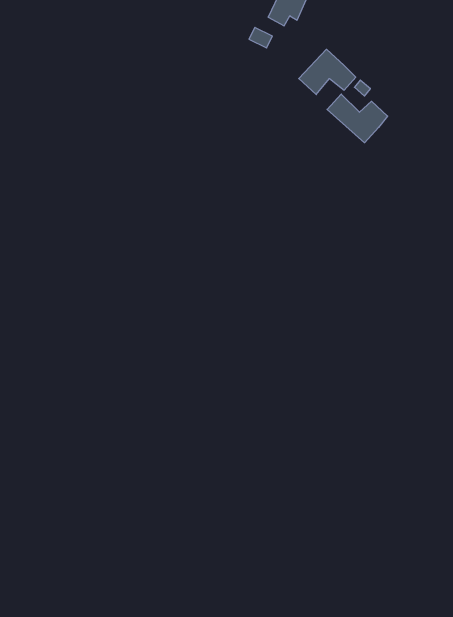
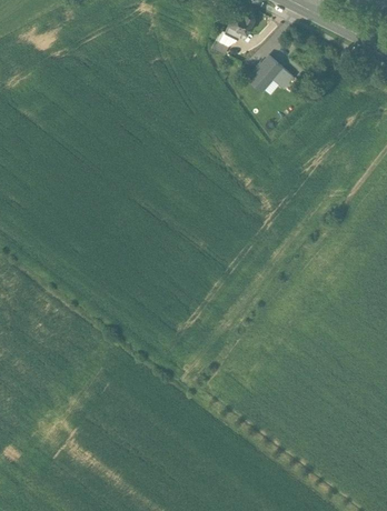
building: [327,94,388,143] -> none

